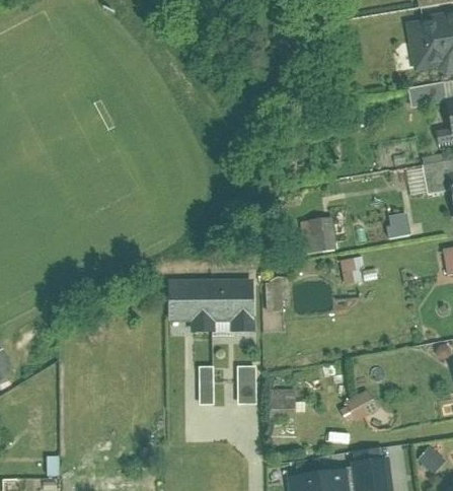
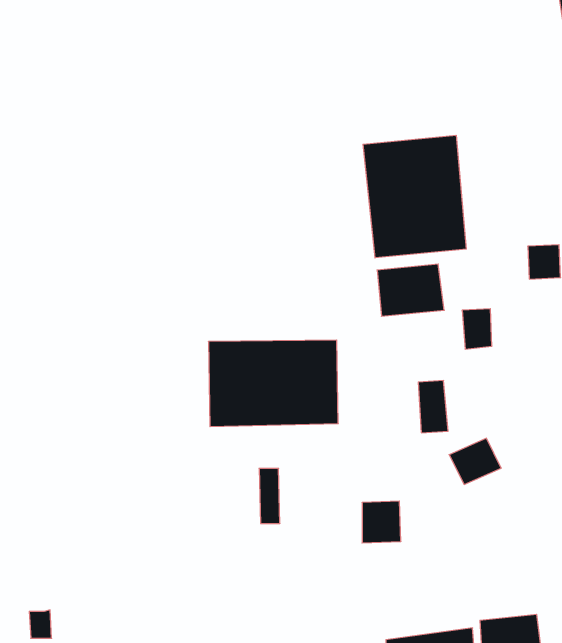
building: none -> [363,135,466,258]
building: [265,277,285,312] -> [418,381,448,433]
building: [241,362,258,399] -> none
building: [345,385,380,417] -> [449,438,501,484]

